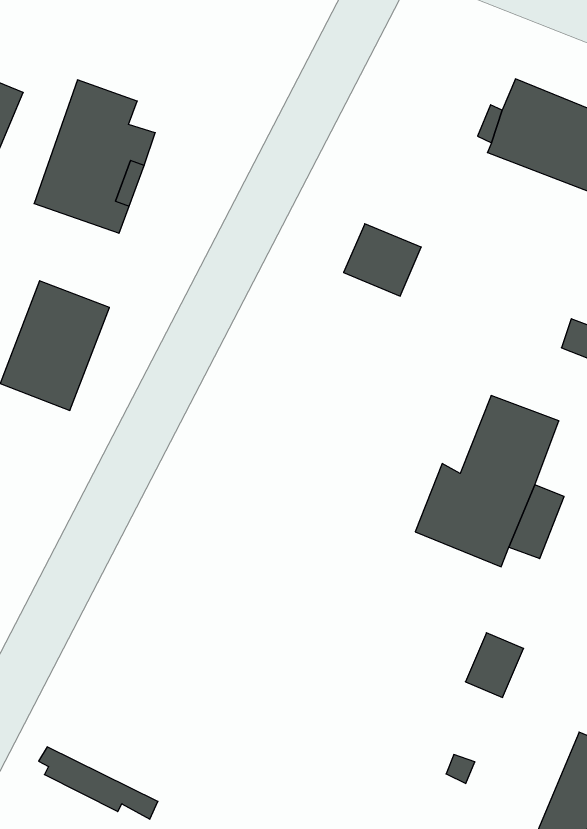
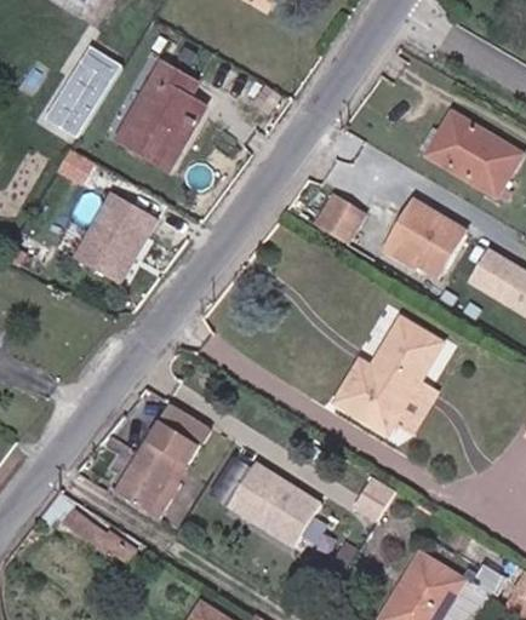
building: none -> [387,200,465,272]
building: none -> [116,402,208,515]
building: none -> [227,461,318,544]

